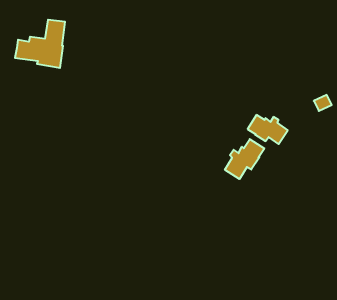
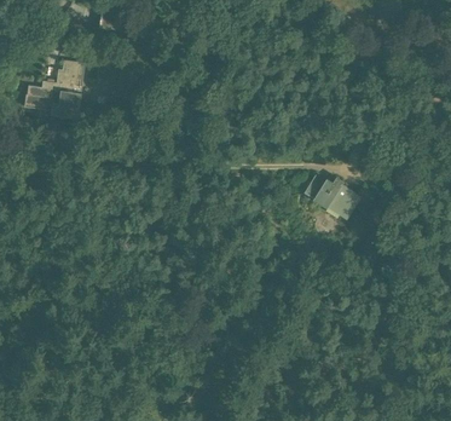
building: [225,139,264,179] -> none

